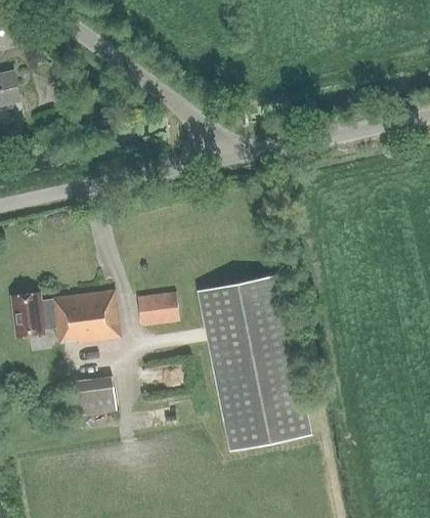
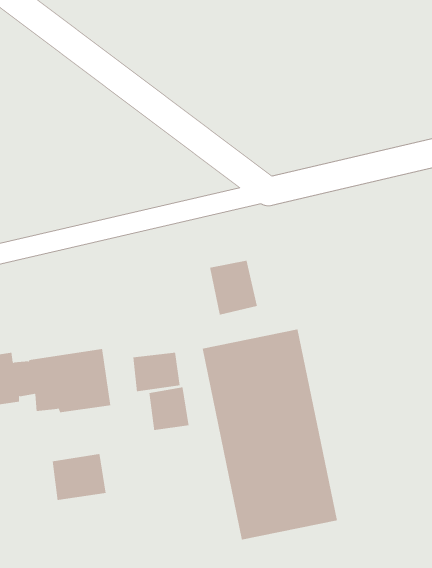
building: none -> [210,260,258,316]
building: none -> [149,387,189,431]

